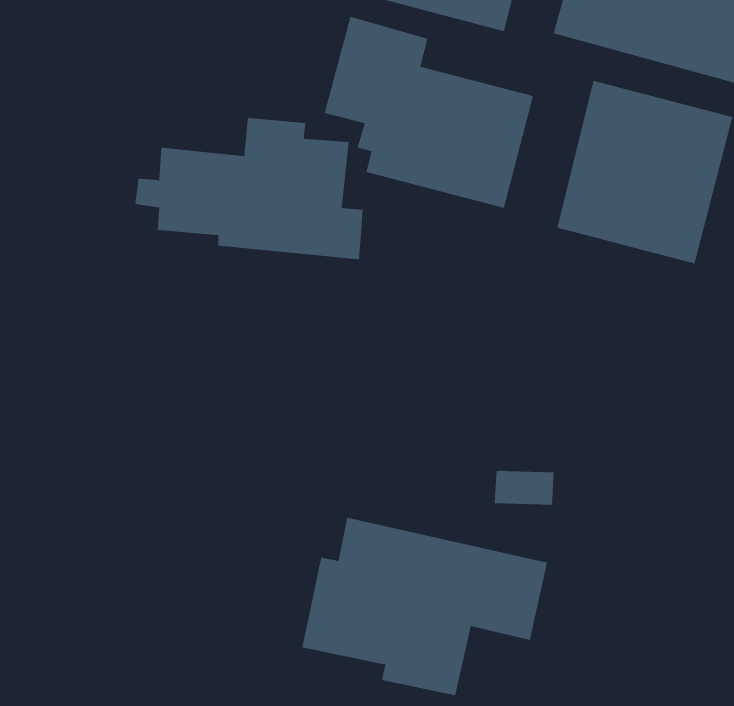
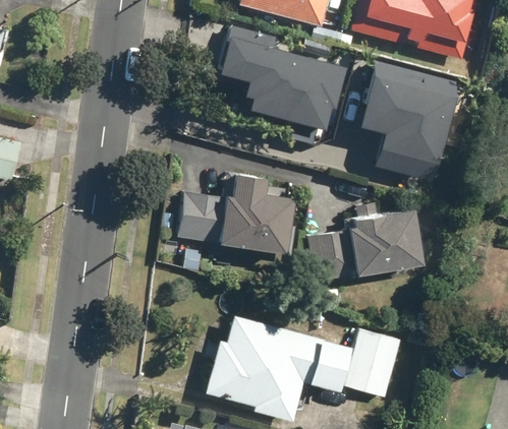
building: [134,118,363,260] -> [167,174,301,257]
building: none -> [308,200,426,283]
building: none -> [349,325,407,397]

